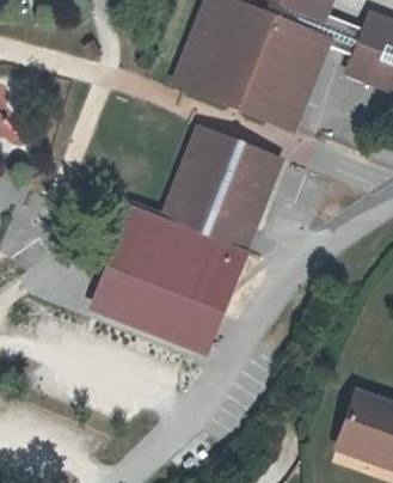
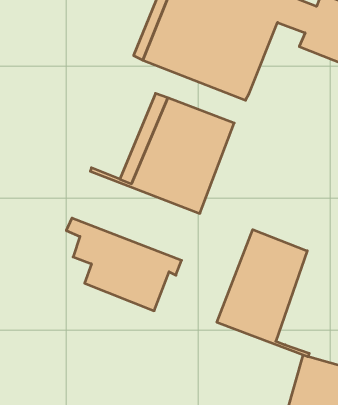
building: [111,202,245,295] -> none
building: none -> [217,230,309,357]
building: [88,264,131,319] -> none

